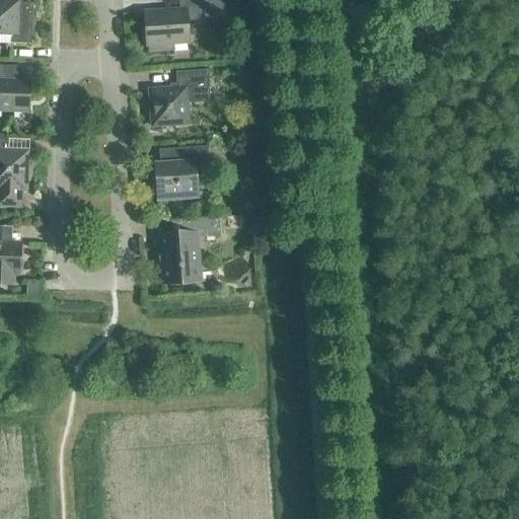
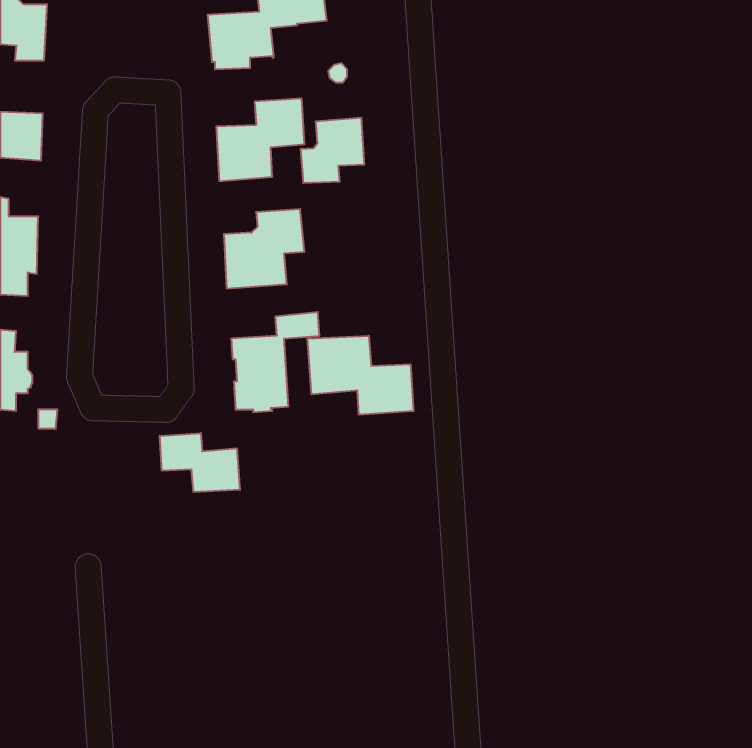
building: none -> [301,118,364,183]
building: none -> [307,336,413,415]
building: none -> [160,433,240,492]

